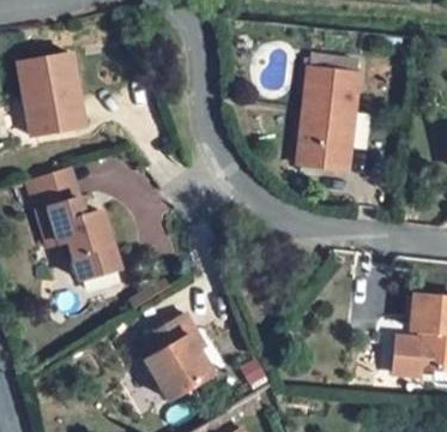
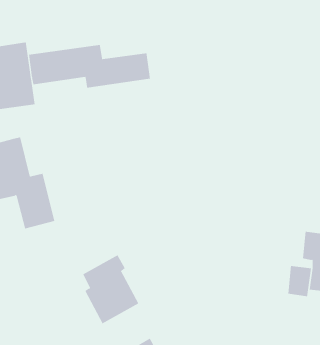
building: none -> [28,44,151,89]
building: [298,65,357,167] -> none

